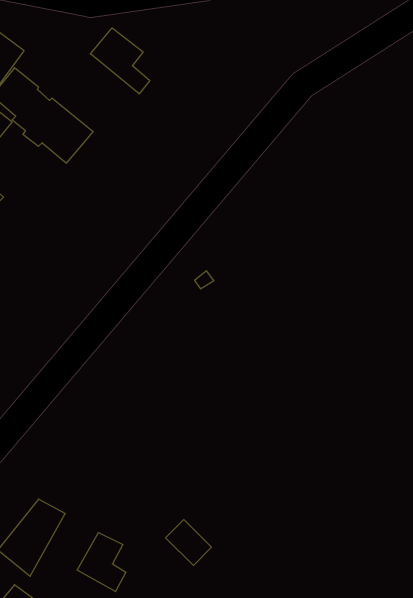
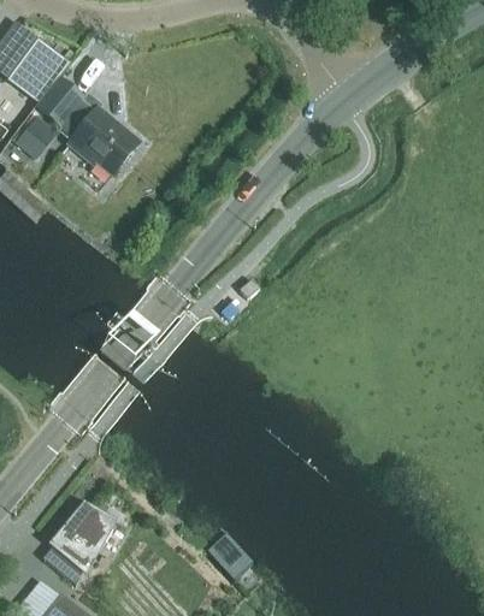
building: [90,28,150,94] -> none
building: [77,533,126,592] -> none

